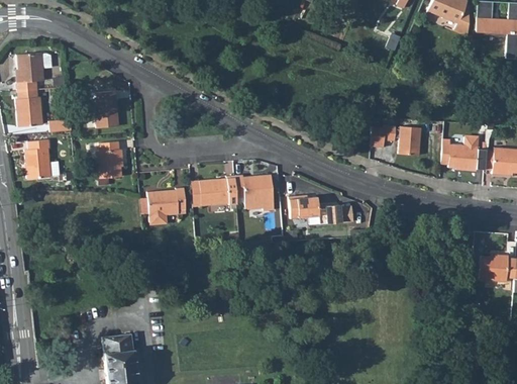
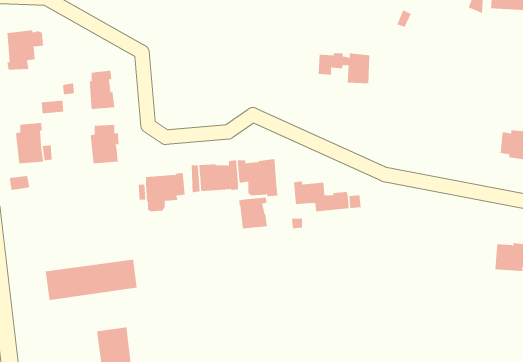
building: [16,90,43,127] -> none
building: [372,126,421,156] -> [318,53,370,84]
building: [441,135,487,172] -> none
building: none -> [239,197,267,229]
building: none -> [45,259,137,301]

